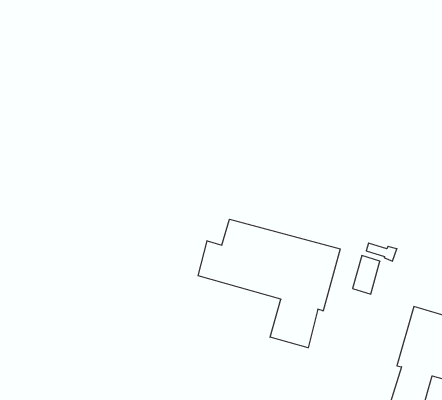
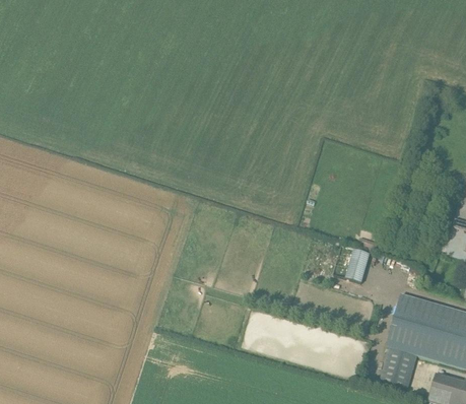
building: [198,219,340,348] -> none

